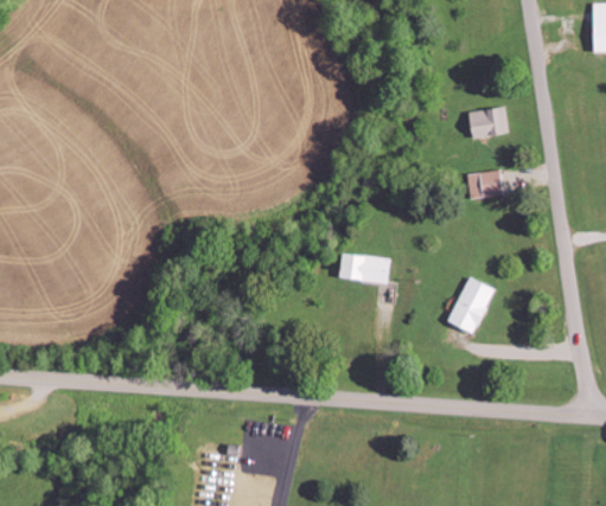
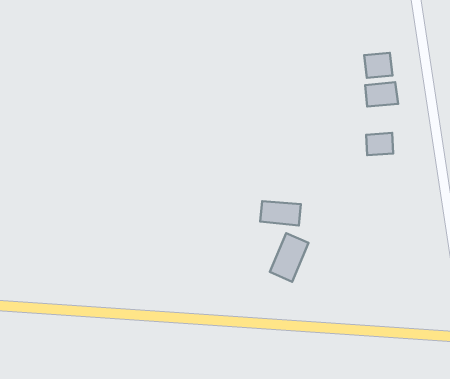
building: none -> [364,53,393,78]
building: [448,275,496,334] -> [270,233,309,282]

